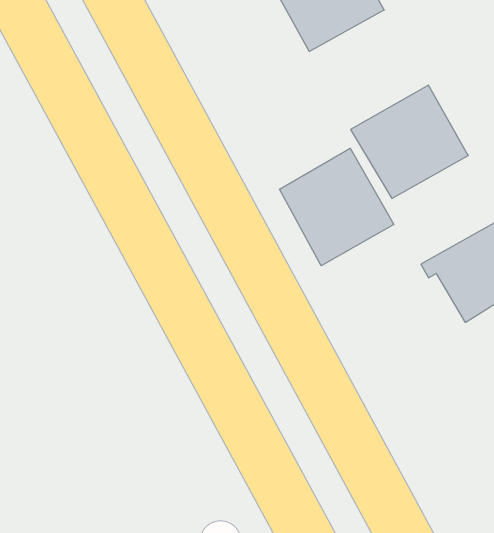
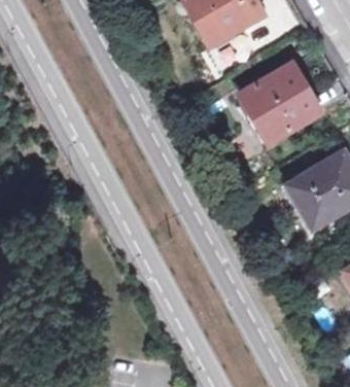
building: [280,148,394,266] -> none

